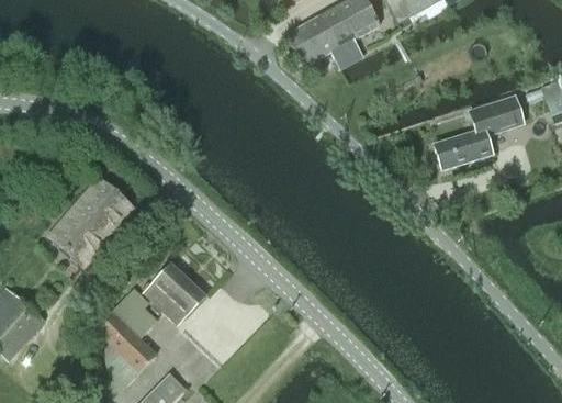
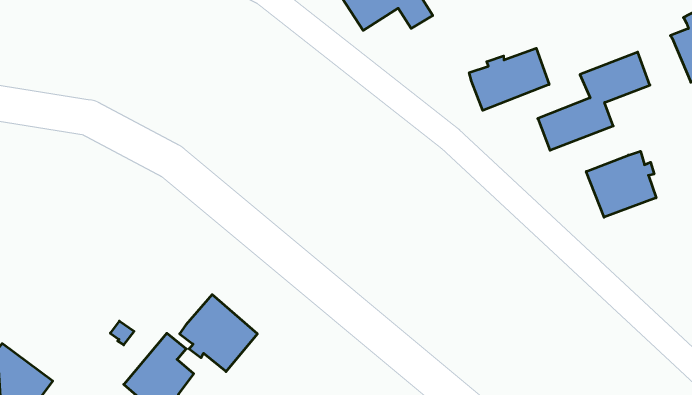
building: none -> [469,48,549,110]
building: none -> [586,151,656,217]
building: [48,177,134,266] -> none

